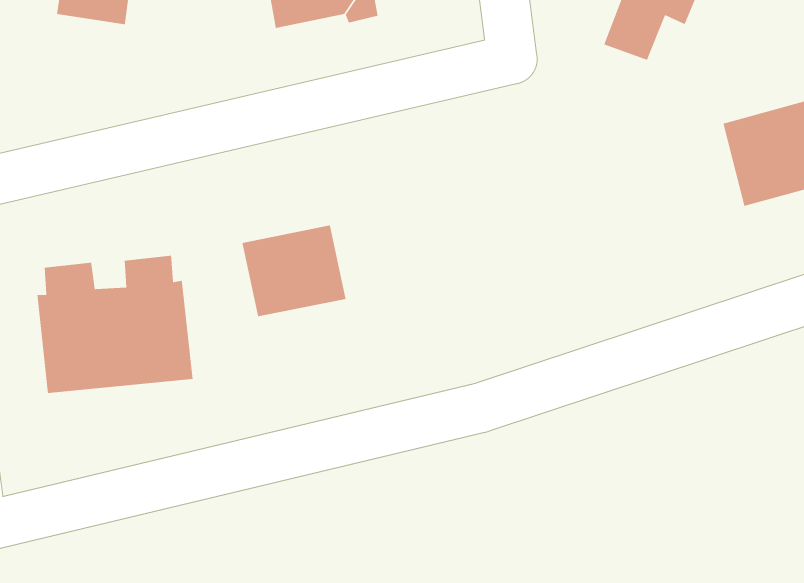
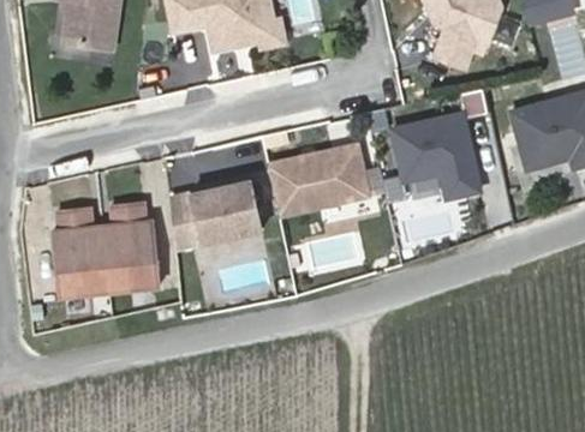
building: none -> [394,115,480,199]
building: none -> [269,146,368,215]
building: none -> [169,192,201,248]

